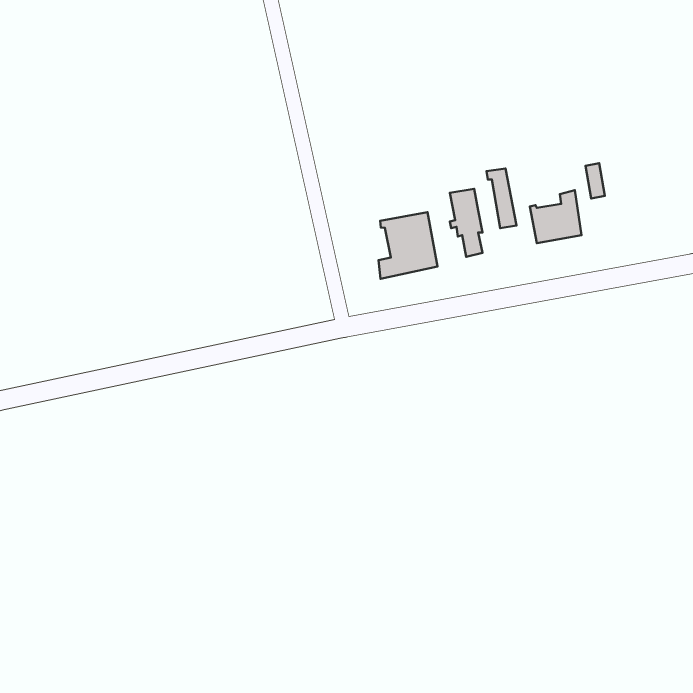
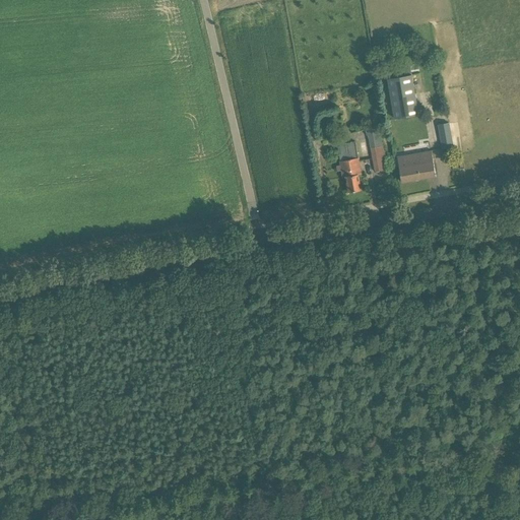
building: none -> [387,65,417,119]
building: [379,212,438,279] -> none

